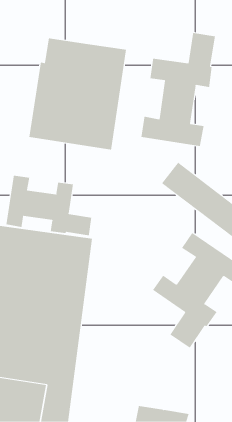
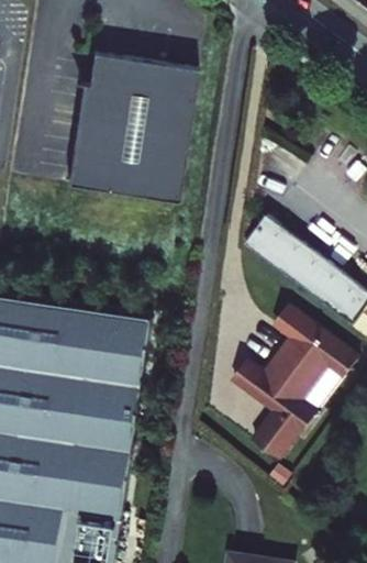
building: [141,32,215,147] -> none
building: [6,175,92,236] -> none

